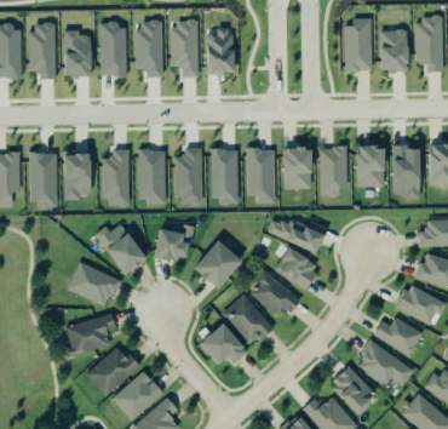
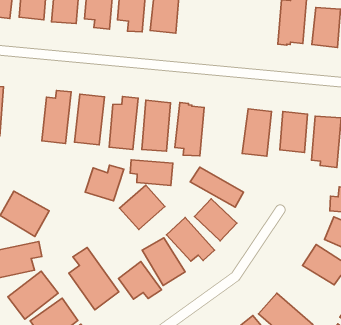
building: [283,147,312,189] -> none
building: [64,151,92,200] -> none
building: none -> [130,160,173,186]
building: [94,223,147,275] -> none
building: none -> [69,247,119,310]
building: [373,318,423,356] -> none

